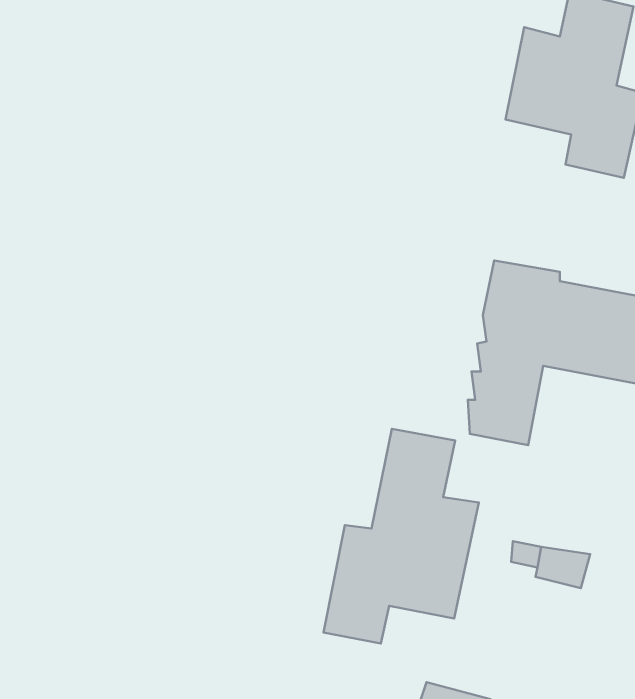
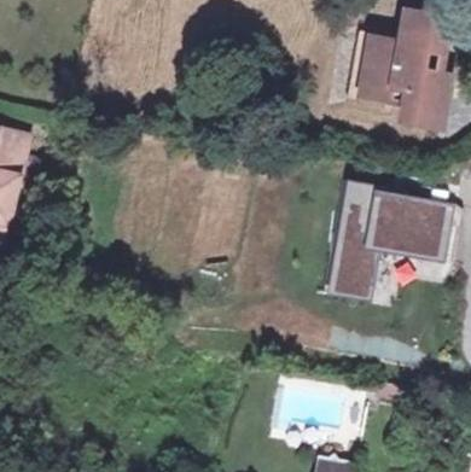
building: [323,429,479,644] -> none

